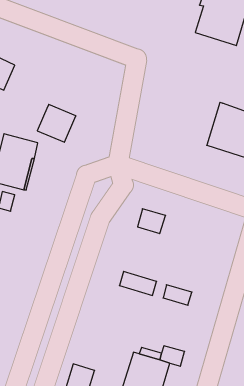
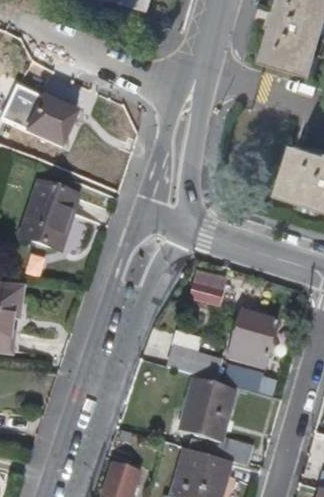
building: [37,104,76,142] -> [30,98,77,144]
building: none -> [231,312,279,367]
building: none -> [182,380,234,443]

